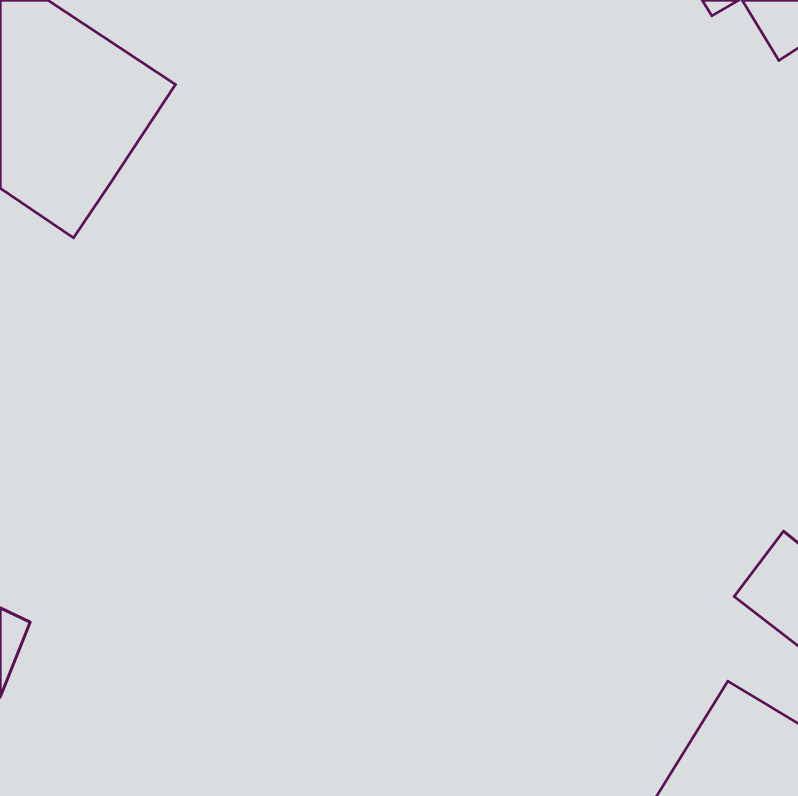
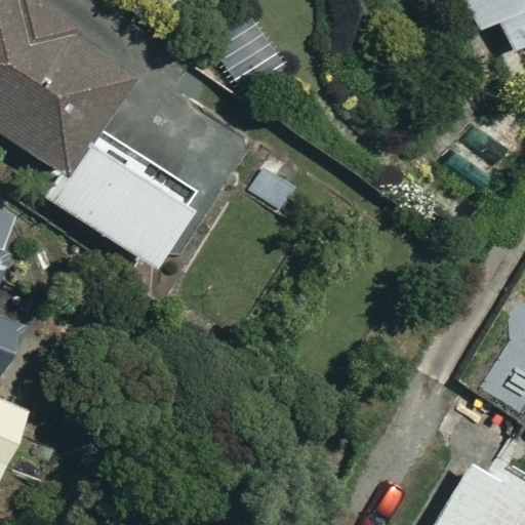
building: none -> [39,130,179,259]

